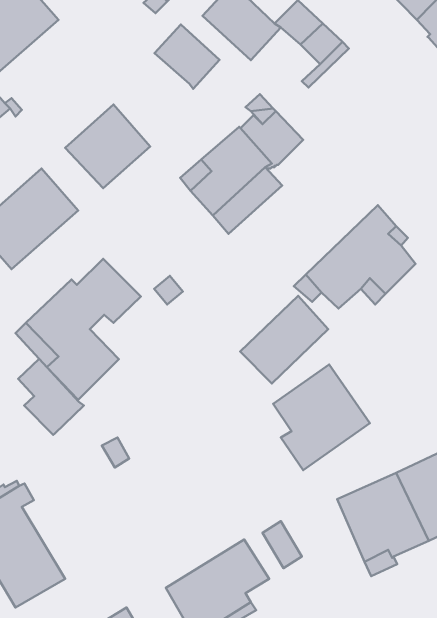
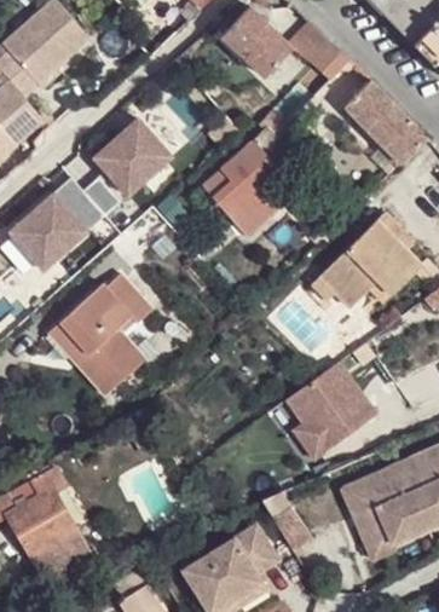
building: [154,24,220,89] -> none
building: none -> [341,81,426,163]
building: [240,296,328,384] -> none
building: [18,359,84,435] -> none

